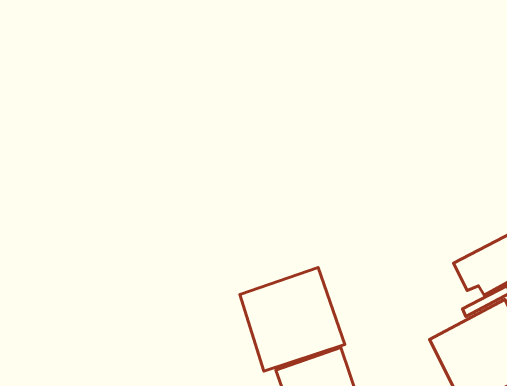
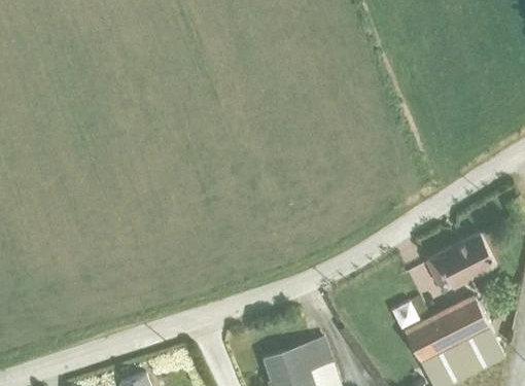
building: [240,268,345,371] -> none

